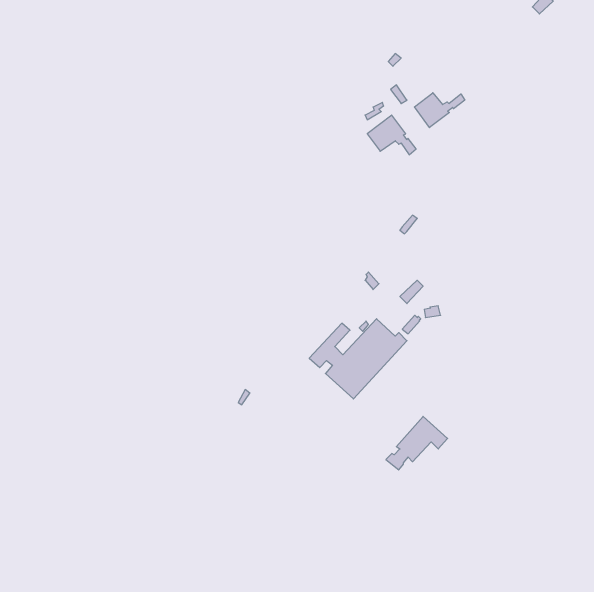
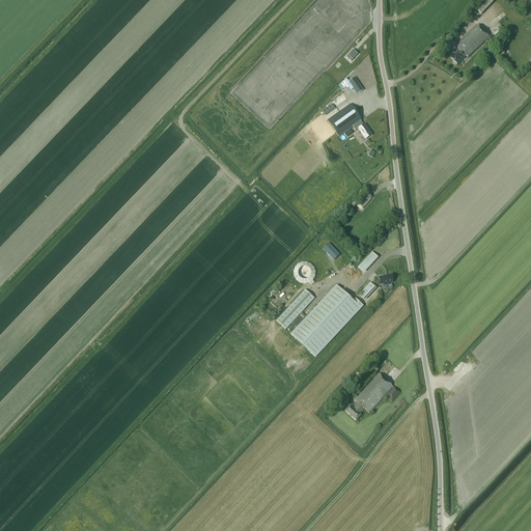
building: none -> [450,23,490,63]
building: [414,93,465,128] -> none

